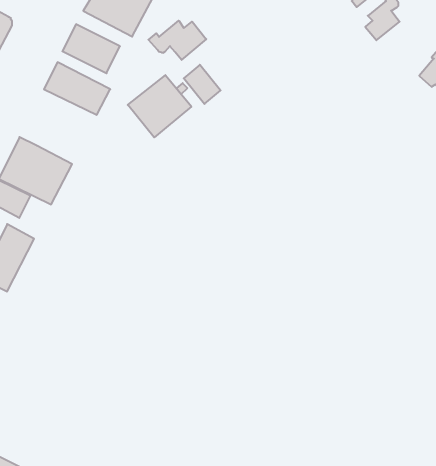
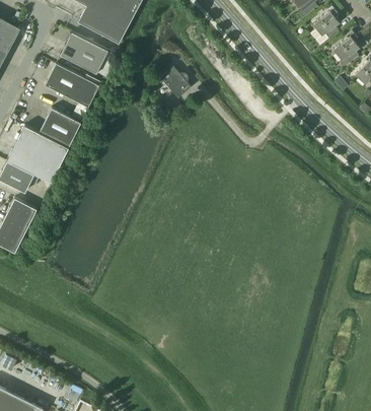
building: [148,21,206,60] -> none
building: none -> [332,31,359,68]
building: [128,75,191,137] -> none
building: none -> [39,109,80,148]

